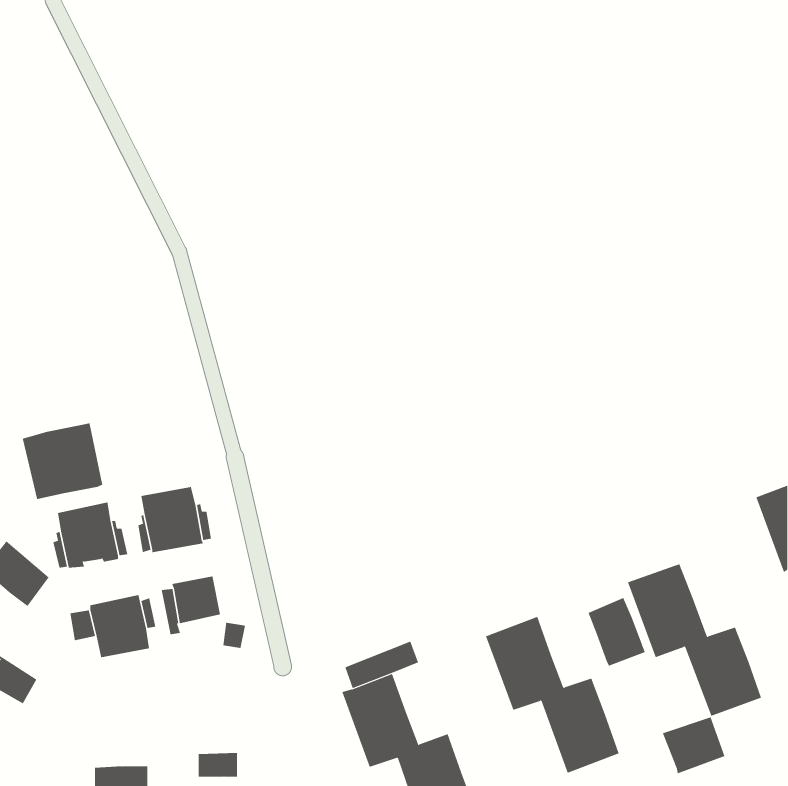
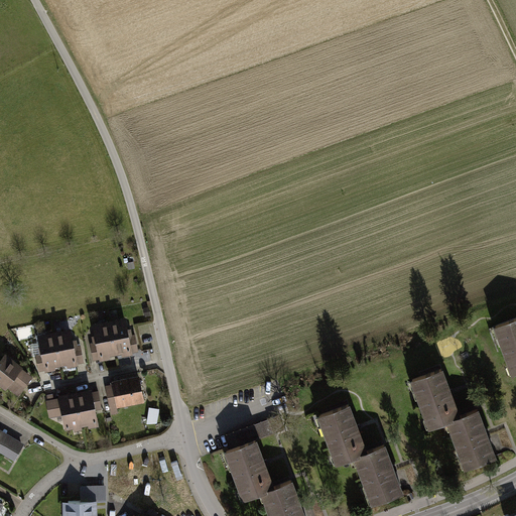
building: [22,423,103,500] -> none
building: [588,597,645,667] -> none
building: [662,717,725,774] -> none
building: [198,752,238,777] -> [80,486,106,502]

